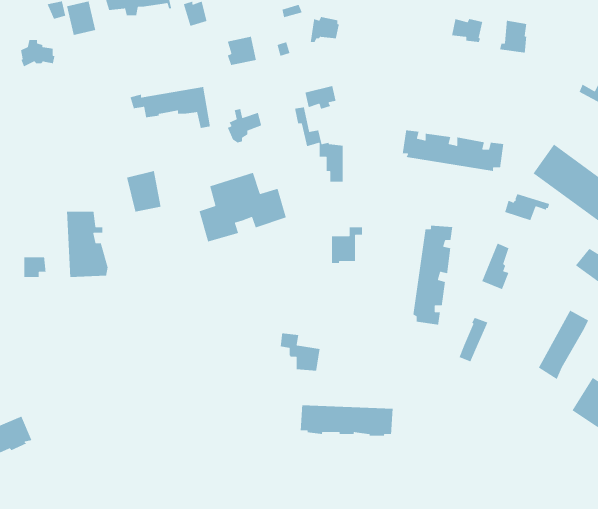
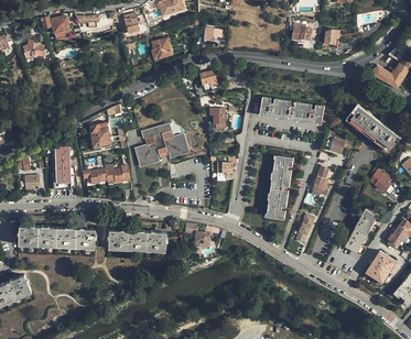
building: [130,86,211,129] -> [82,165,132,192]
building: none -> [19,226,95,247]
building: [300,405,394,436] -> [108,230,166,250]

